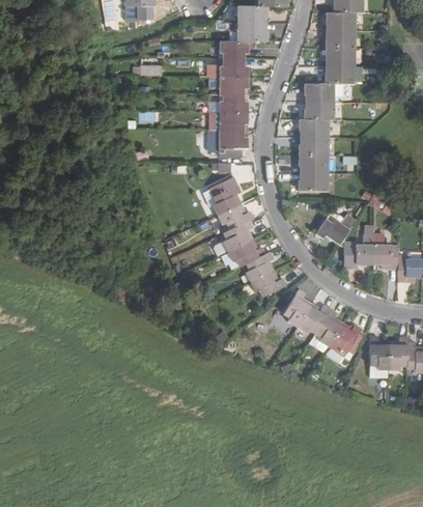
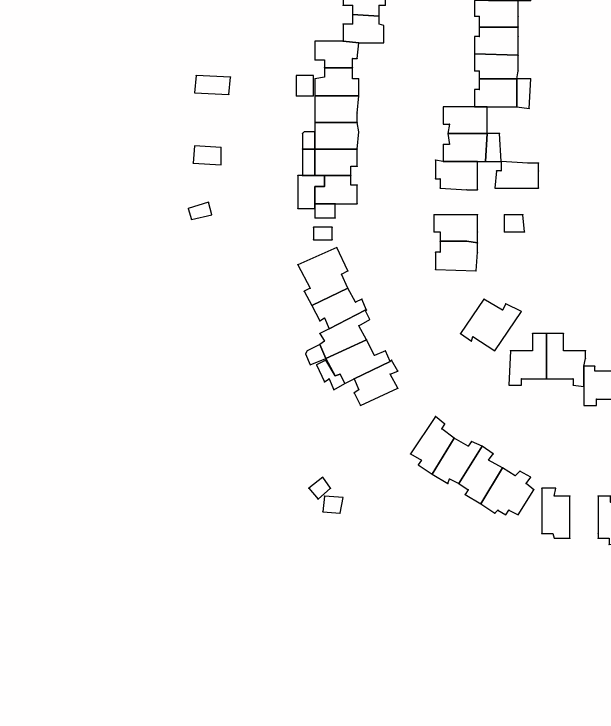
building: [298,138,327,156] -> [495,162,539,188]
building: [249,271,286,299] -> none
building: [388,338,407,370] -> none

